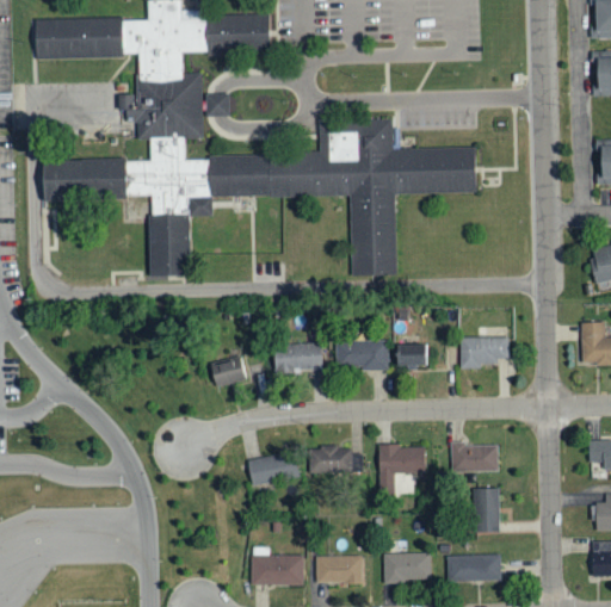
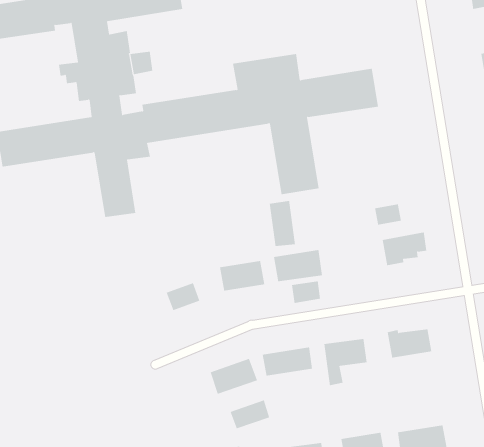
building: none -> [269,200,295,247]
building: none -> [375,203,401,226]
building: [396,346,427,367] -> [291,281,321,304]
building: [475,489,500,533] -> none
building: none -> [230,400,270,429]

